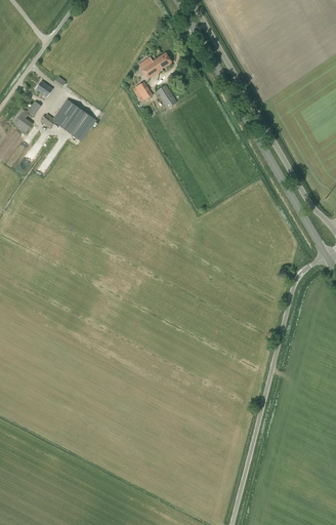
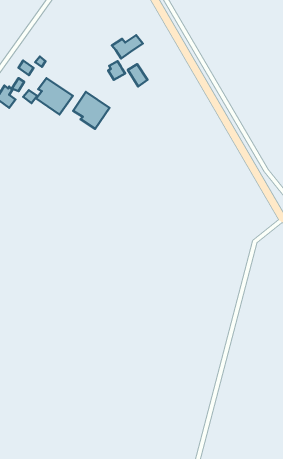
building: none -> [73,92,110,129]

